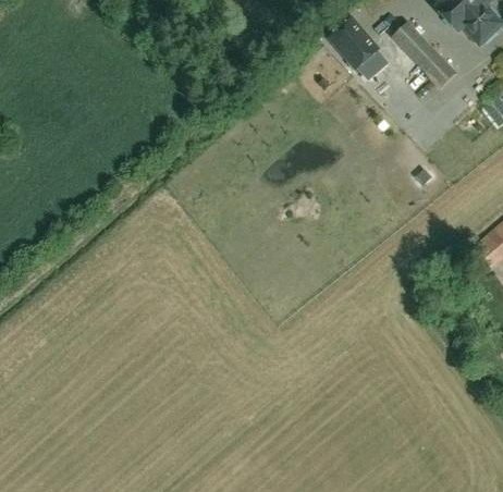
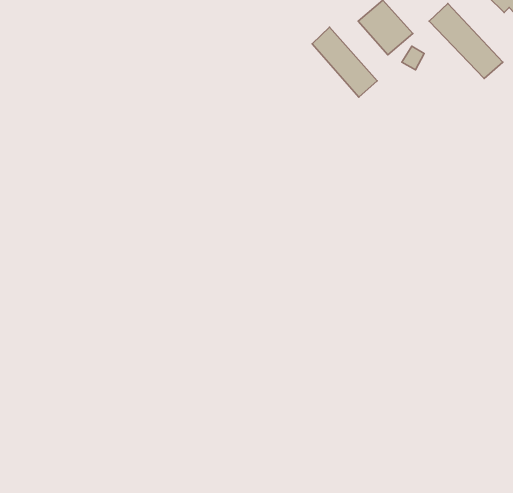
building: none -> [312,27,377,97]

